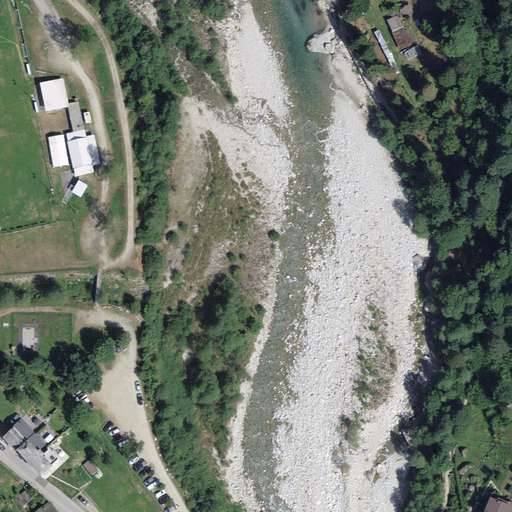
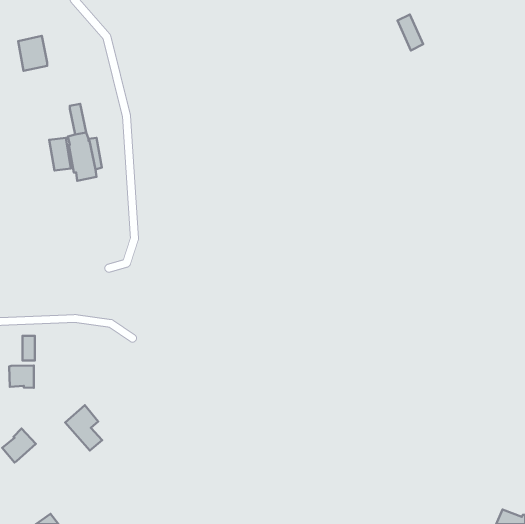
building: [40,77,68,111] -> [18,36,47,71]
building: none -> [9,365,34,388]
building: [16,432,52,476] -> [65,405,102,450]

